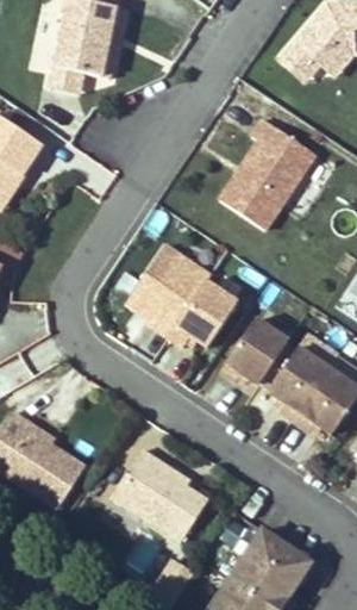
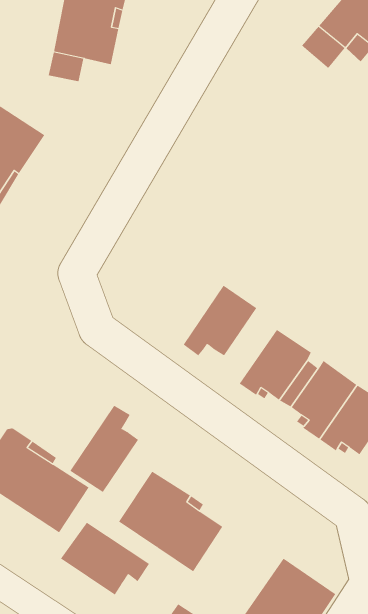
building: [220,116,315,226] -> none
building: [127,241,212,332] -> none
building: none -> [70,405,139,493]
building: none -> [60,522,150,596]

